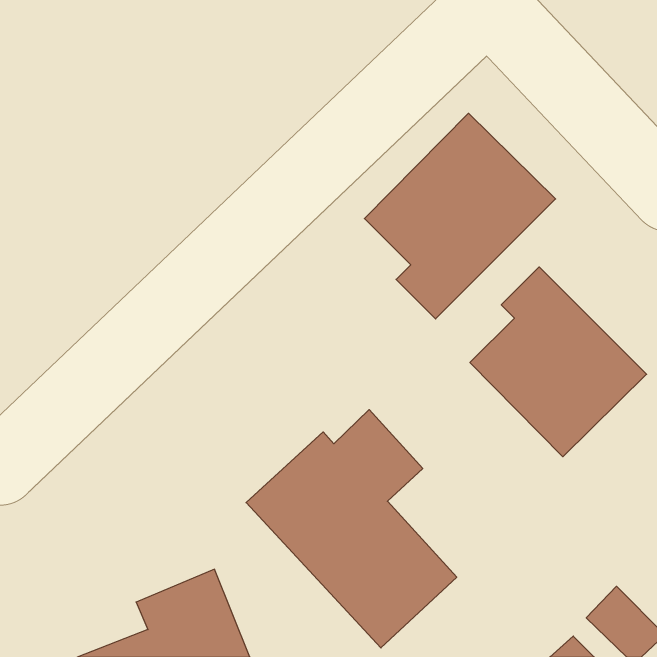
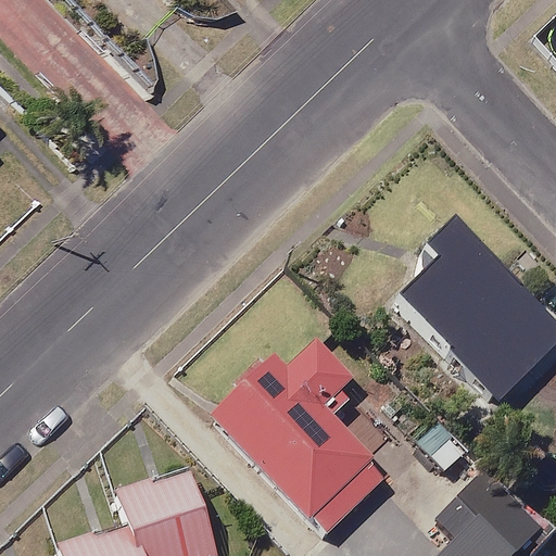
building: [364,113,556,319] -> none

